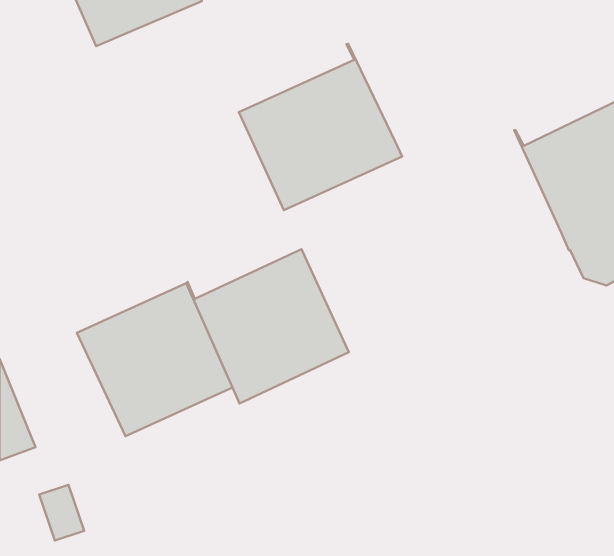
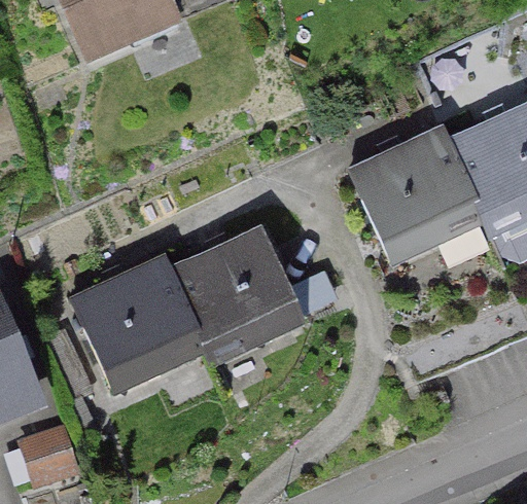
building: [239,44,402,210] -> none
building: none -> [349,129,481,259]

